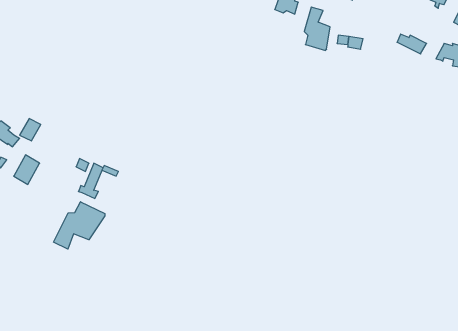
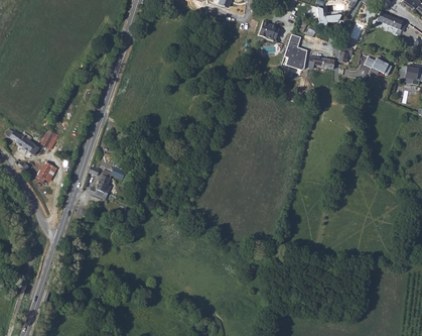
building: [54,202,105,249] -> none

